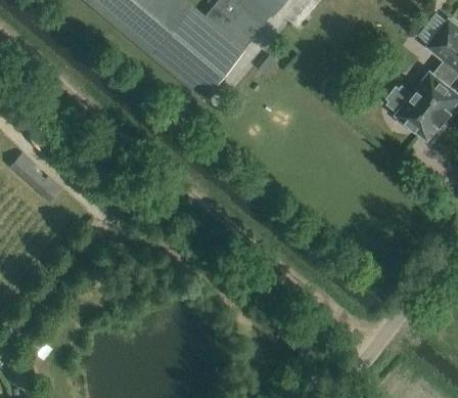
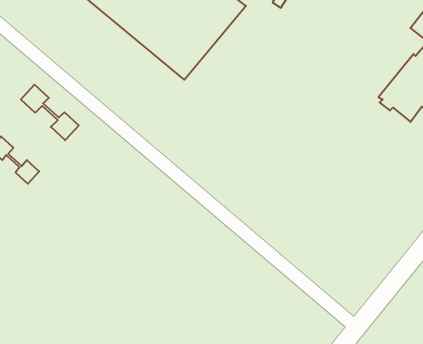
building: none -> [21,85,79,140]

